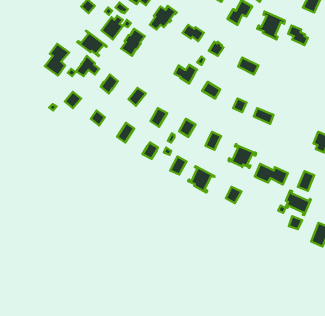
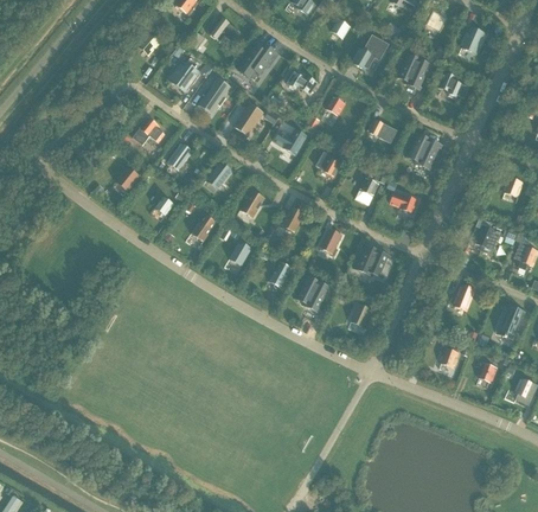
building: [77,31,107,56] -> none
building: [45,44,69,76] -> none
building: none -> [232,103,263,137]
building: none -> [404,133,443,169]
building: [255,164,288,185] -> none
building: [286,190,311,215] -> none

